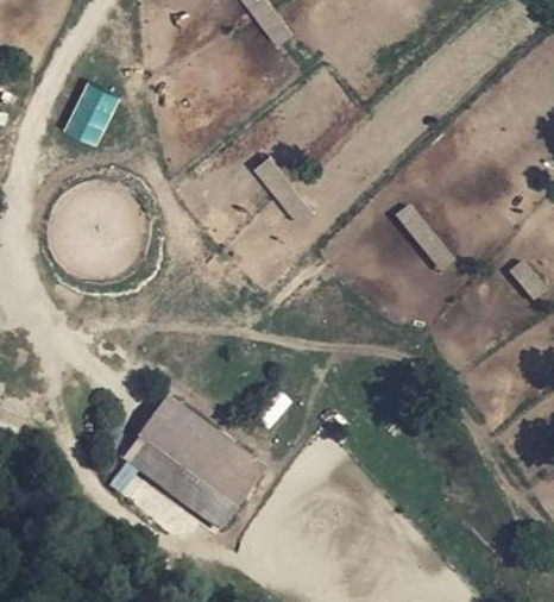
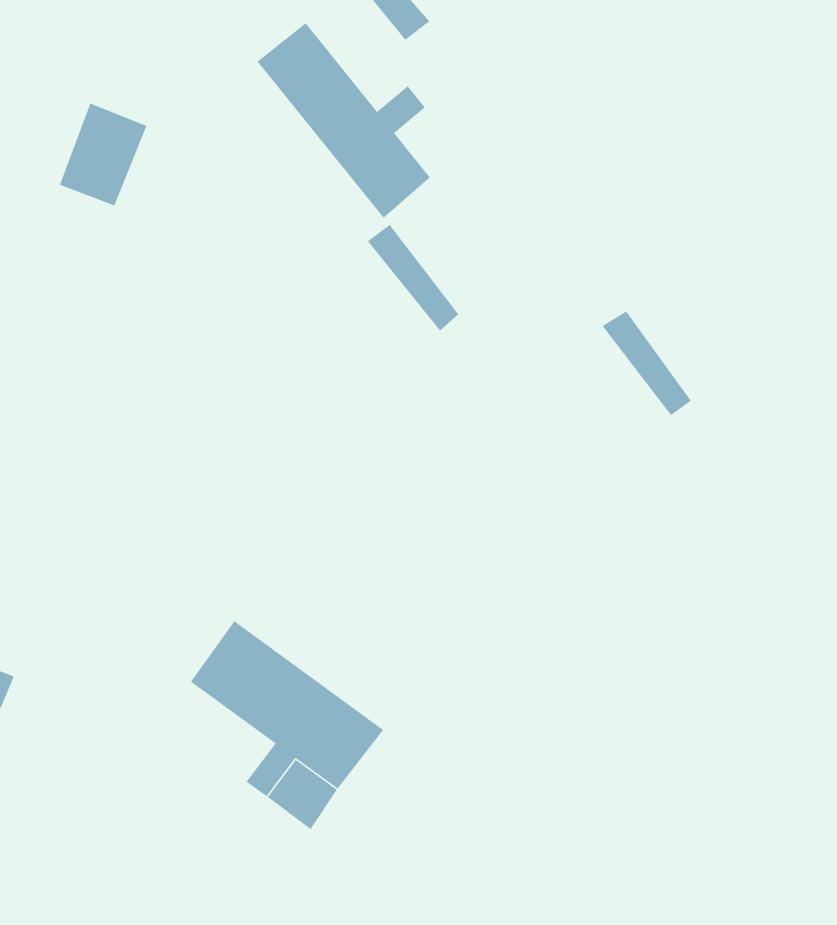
building: none -> [256,22,431,219]
building: [125,435,195,497] -> none

